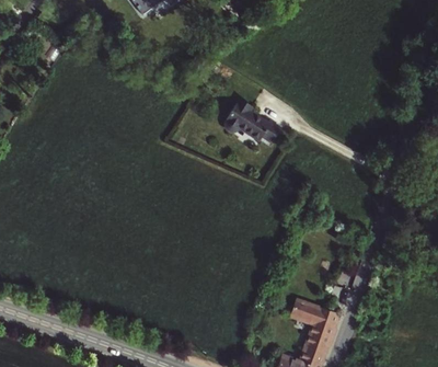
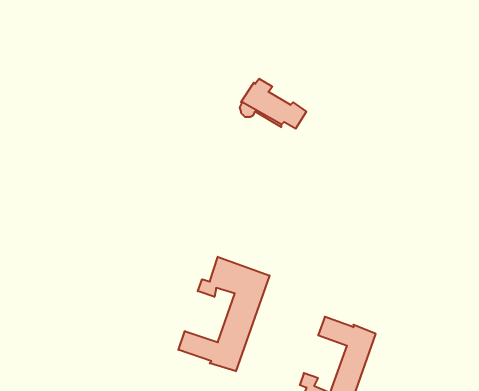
building: none -> [178,257,270,371]

